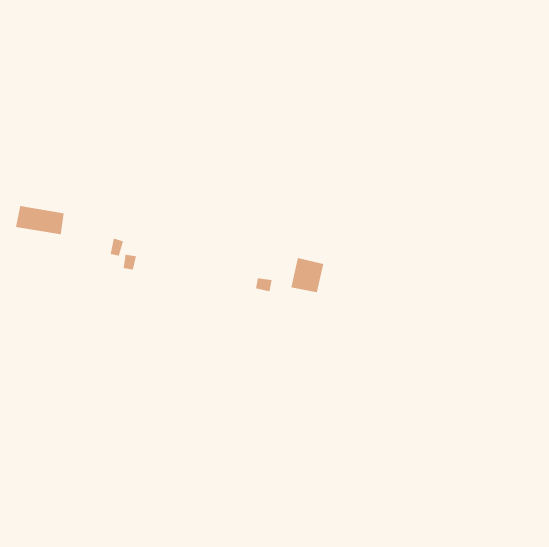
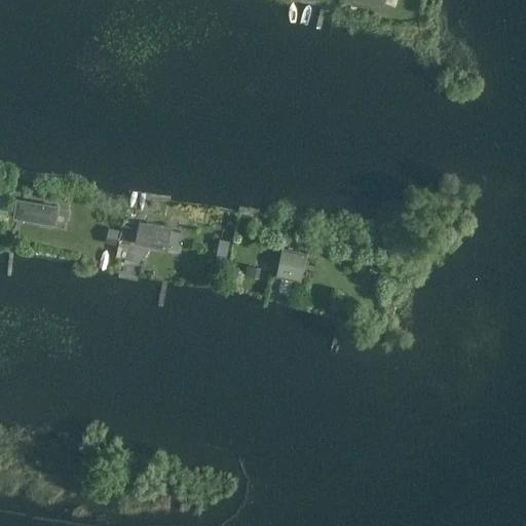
building: none -> [136,222,175,250]

